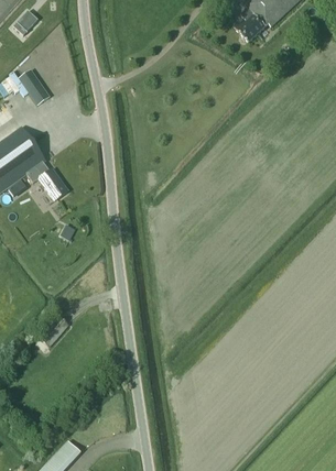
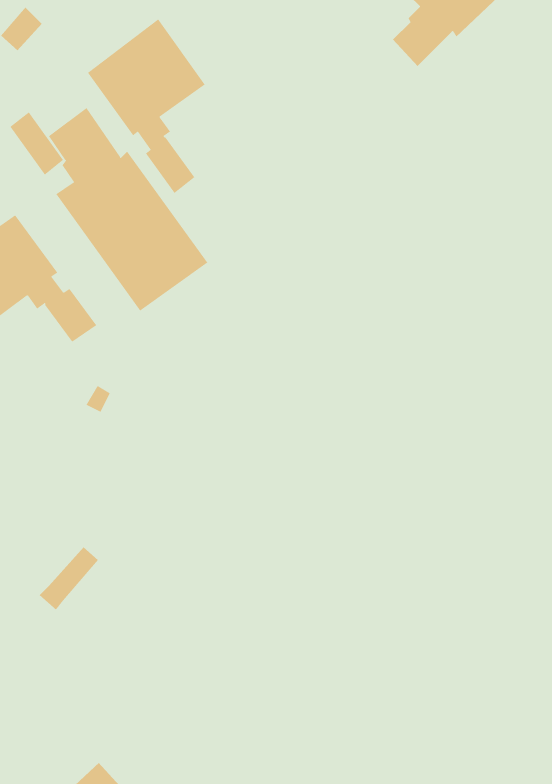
building: none -> [87,19,205,194]
building: none -> [48,107,208,312]

